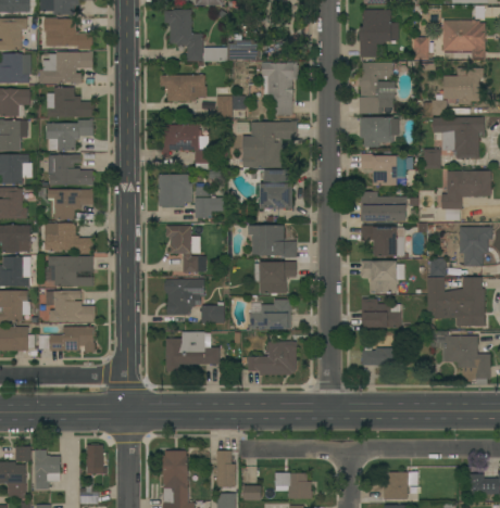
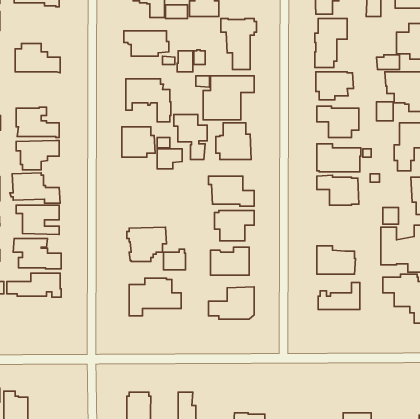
building: [39,51,92,84] -> none
building: [45,119,92,150] -> none
building: [165,226,200,272] -> [174,115,207,160]
building: [361,261,404,291] -> none
building: [86,445,102,473] -> none

